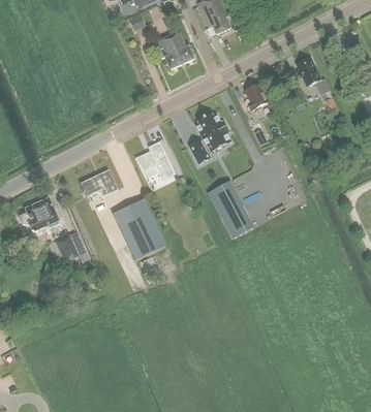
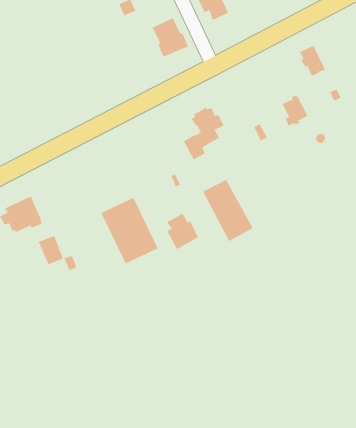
building: [245,82,270,110] -> [281,95,308,126]
building: [136,141,176,179] -> none
building: [80,168,118,195] -> none
building: none -> [166,213,199,250]

